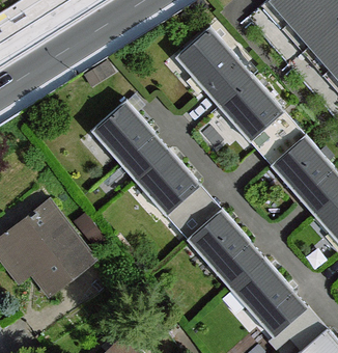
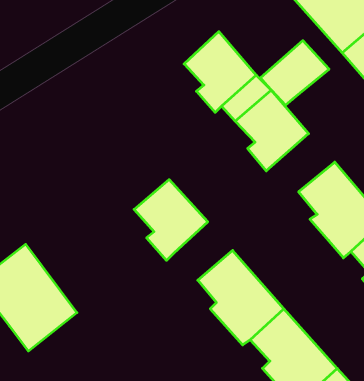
building: [95,102,167,181] -> none
building: [248,112,305,166] -> [261,41,329,105]
building: [171,186,220,235] -> none

